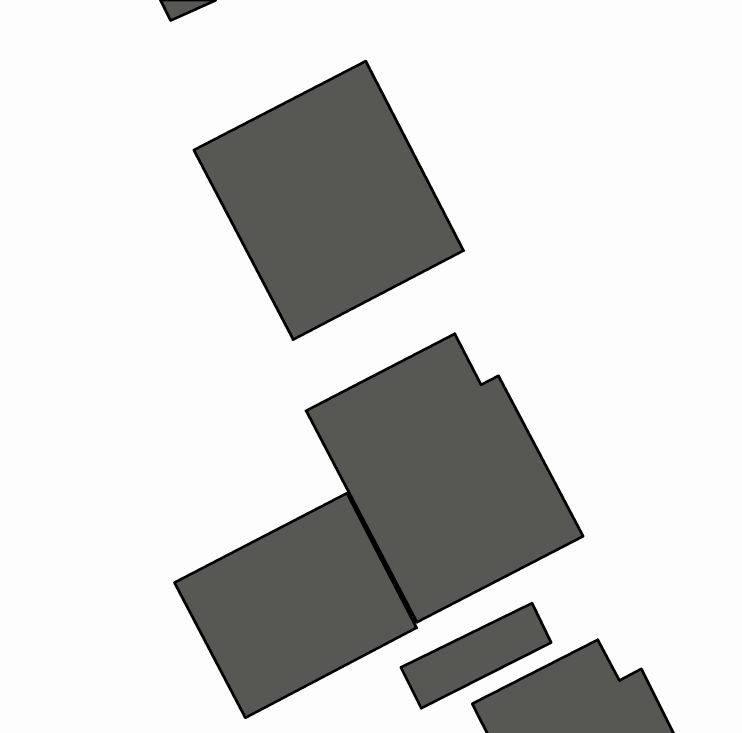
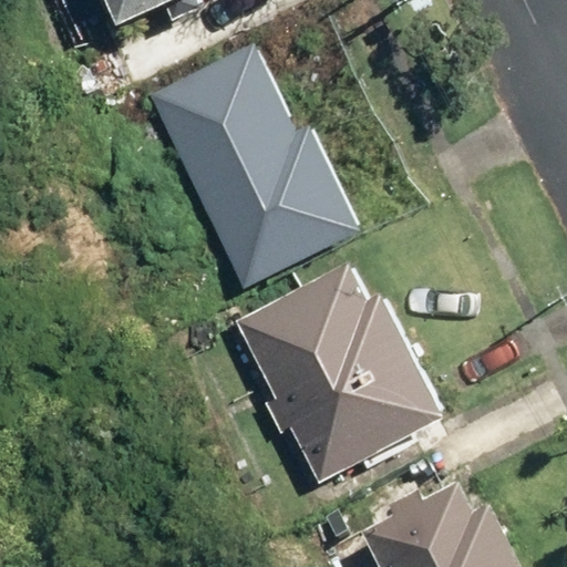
building: [175,493,417,718] -> none

